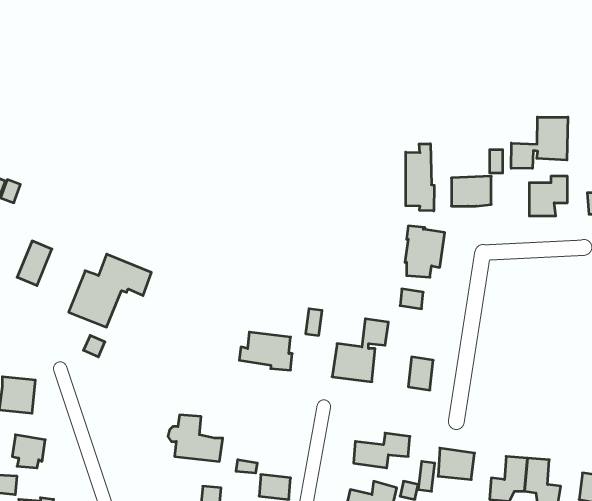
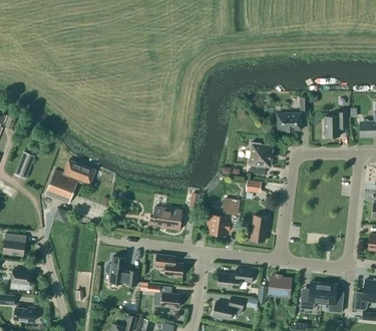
building: [511,117,568,168] -> none
building: [406,144,434,211] -> none
building: none -> [154,254,182,277]

